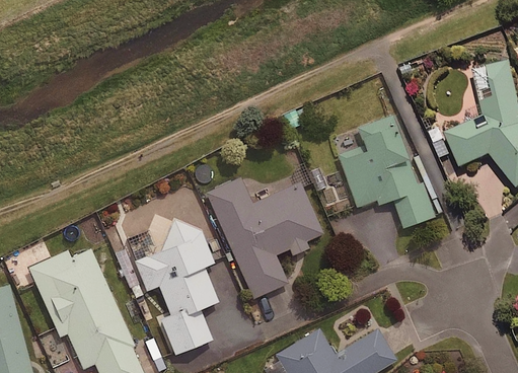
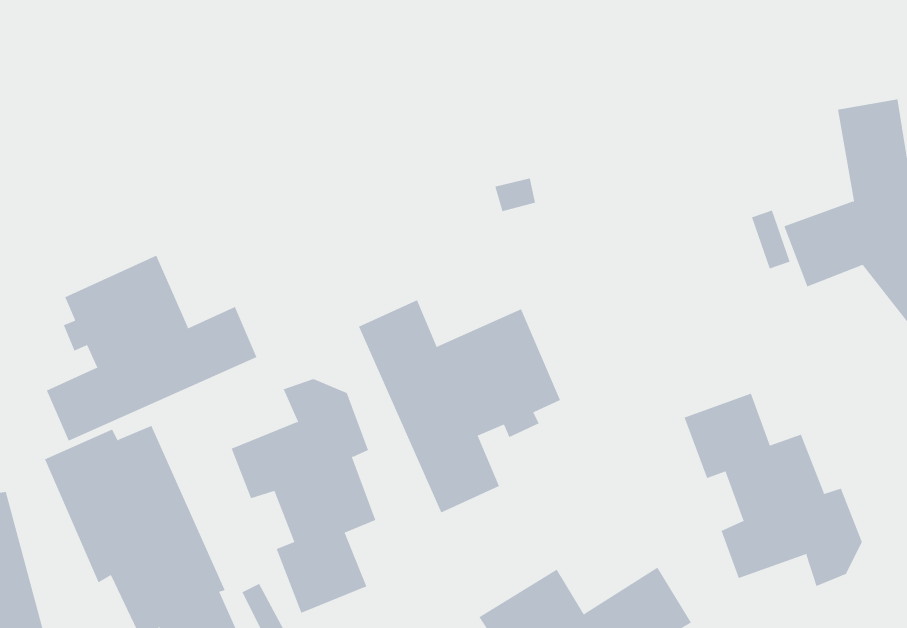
building: [340,116,432,227] -> none
building: none -> [46,255,257,442]
building: none -> [684,393,862,587]

